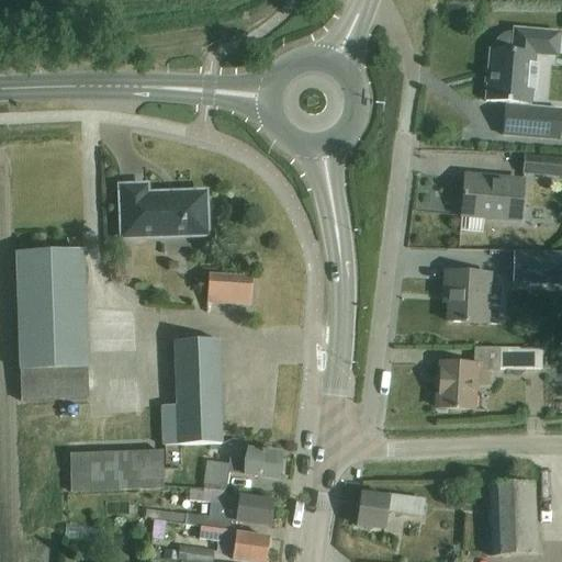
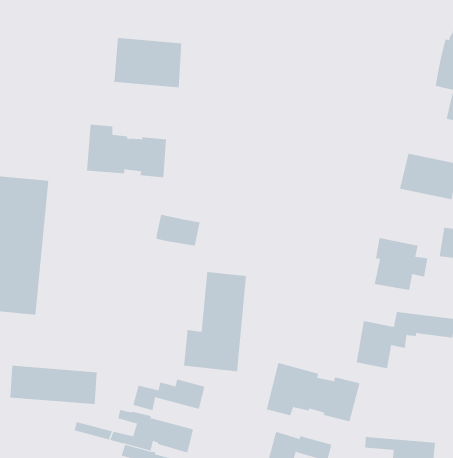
building: none -> [114,37,182,88]
building: [161,338,222,443] -> [183,272,247,372]
building: none -> [266,362,360,422]

